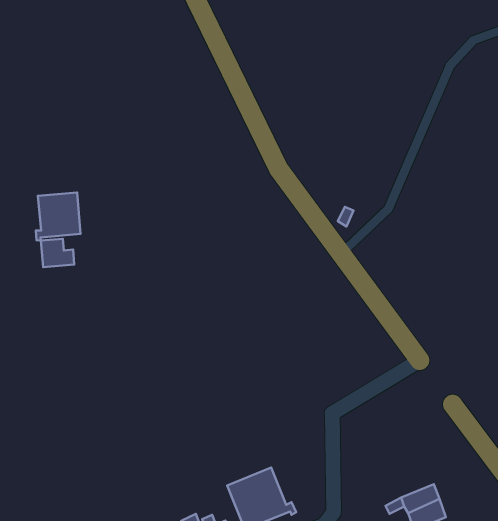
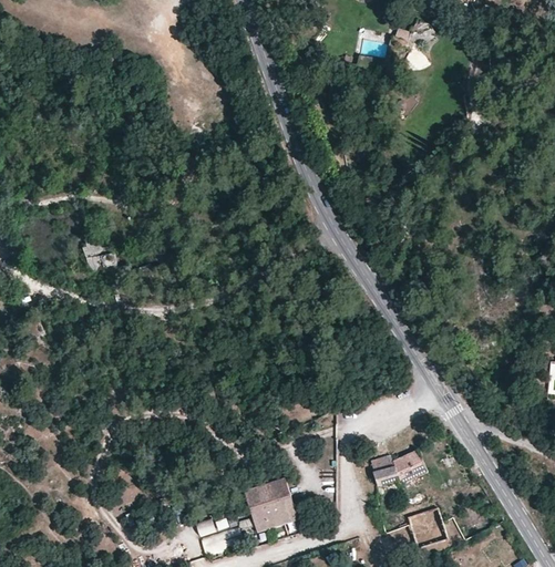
building: [36,192,81,241] -> none
building: none -> [371,447,426,484]

